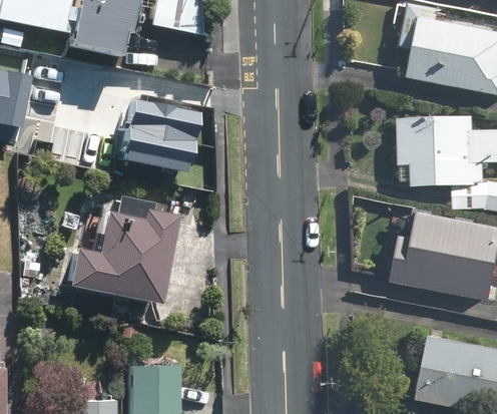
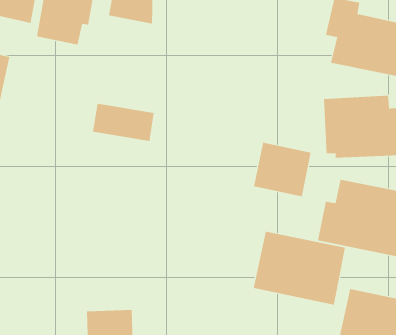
building: [138,96,209,135] -> none
building: none -> [253,142,311,197]
building: [62,196,172,305] -> none
building: none -> [253,231,346,305]

